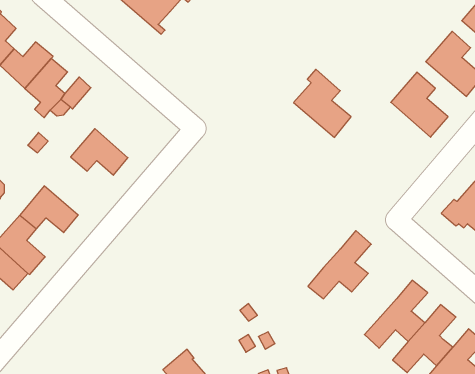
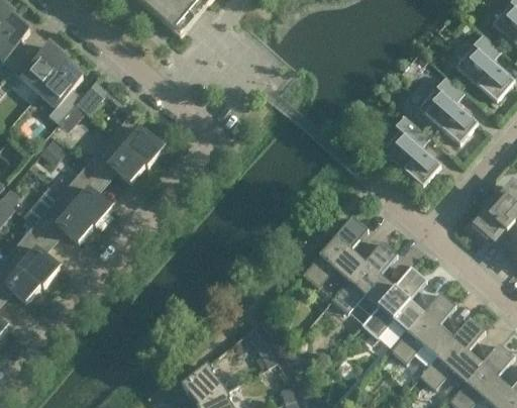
building: [294,69,351,137] -> [381,116,440,187]
building: none -> [111,117,164,168]
building: none -> [59,165,112,227]
building: none -> [303,216,369,287]
building: none -> [361,268,427,338]

